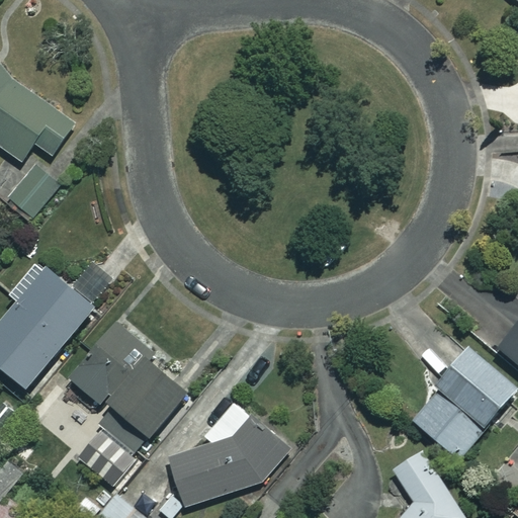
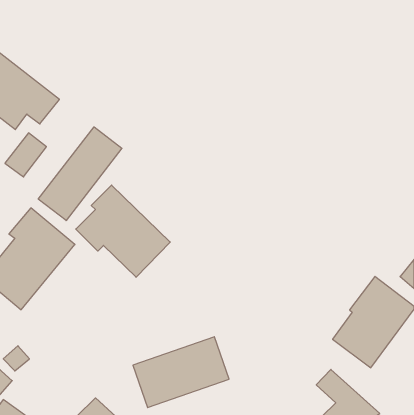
building: none -> [38,127,122,221]
building: [71,323,188,437] -> [76,185,170,277]
building: [77,432,136,490] -> none

